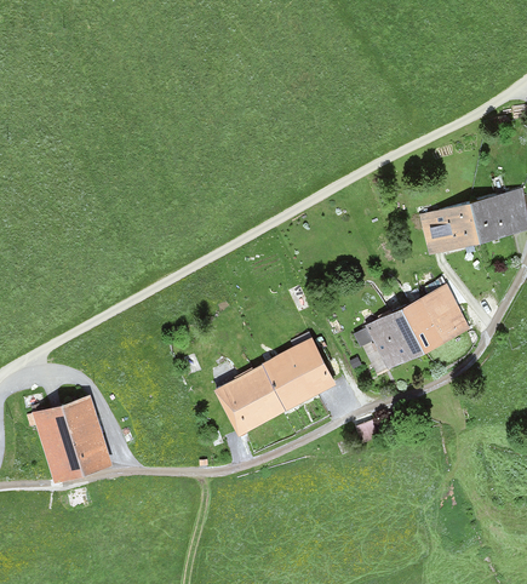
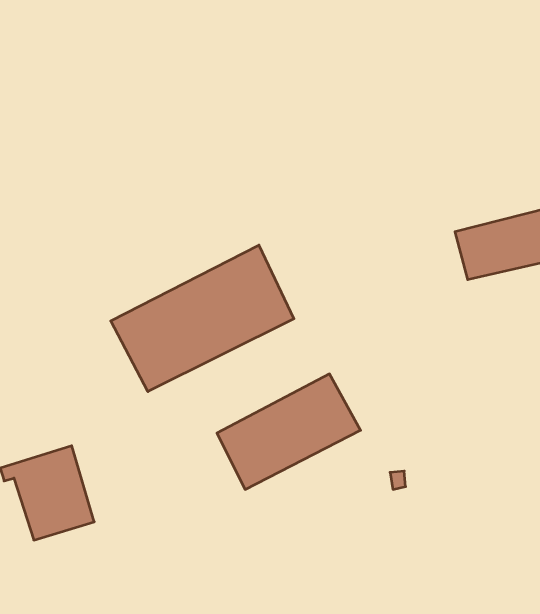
building: none -> [111,245,294,392]
building: [363,284,470,371] -> none

